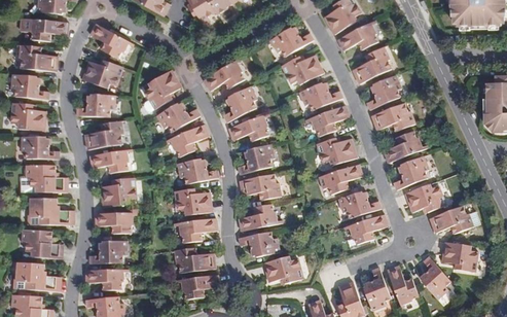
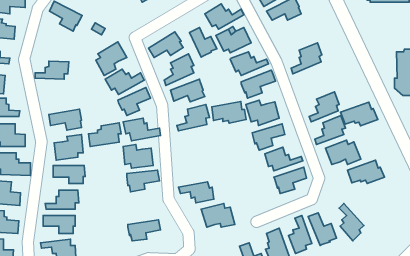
building: [355,45,390,80] -> none
building: none -> [189,27,217,57]
building: [80,61,118,87] -> none
building: [372,102,414,129] -> [341,102,378,126]
building: [83,120,120,147] -> [88,123,121,147]
building: [241,173,280,198] -> [212,101,246,123]
building: [240,203,277,231] -> none
building: [440,241,474,271] -> none
building: [173,247,212,271] -> none

